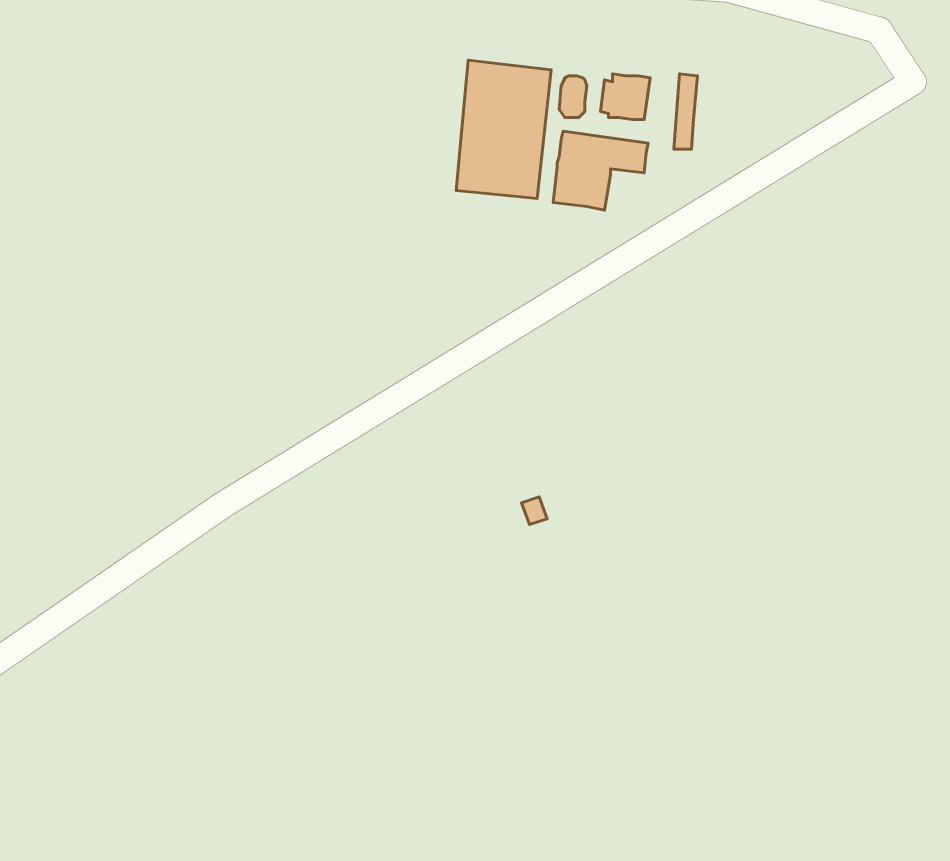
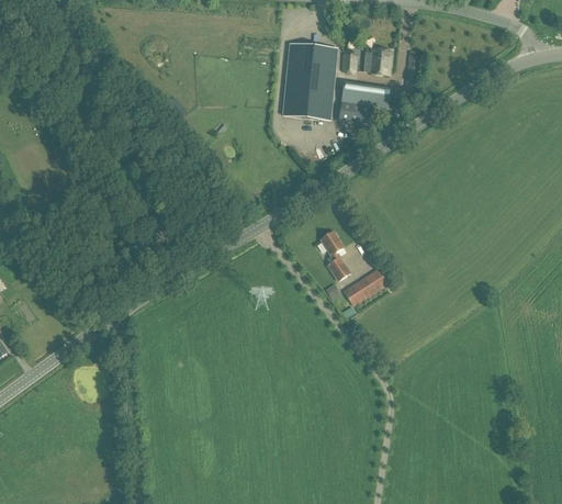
building: none -> [321,231,350,279]
building: none -> [344,266,391,304]

